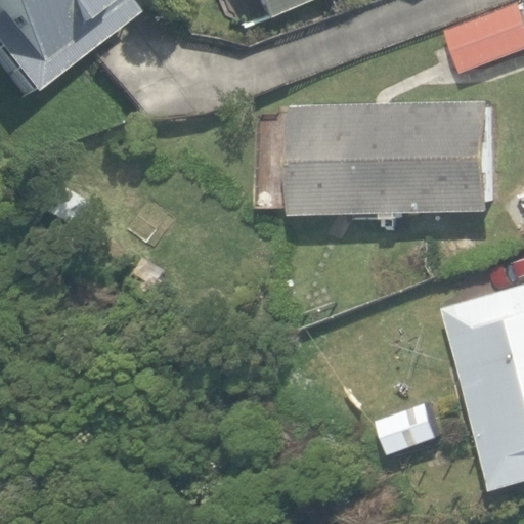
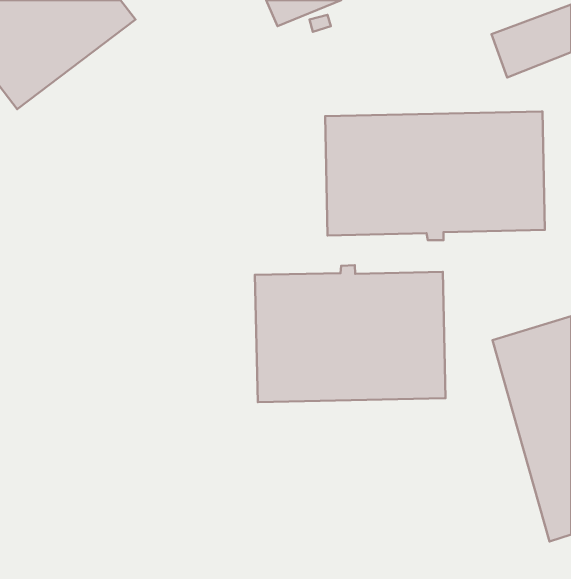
building: none -> [255,265,446,402]

